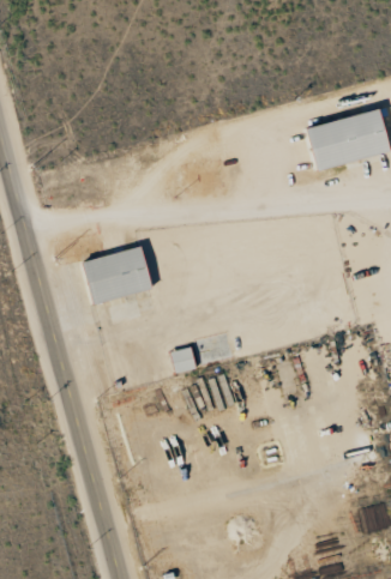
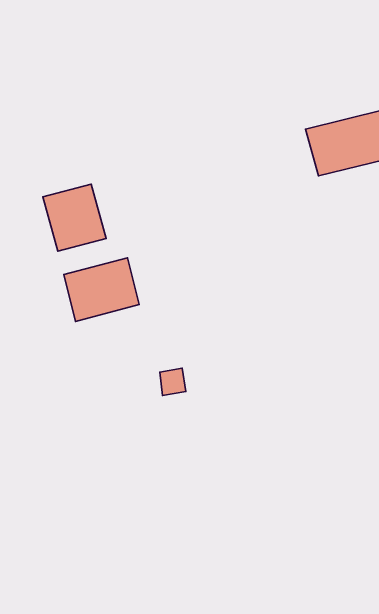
building: none -> [43,184,106,251]

